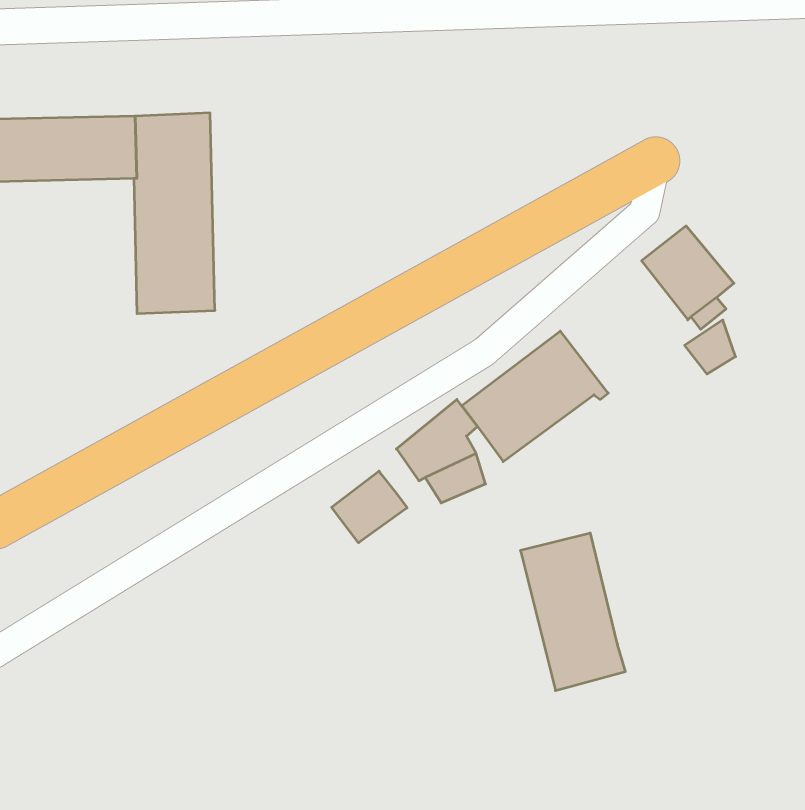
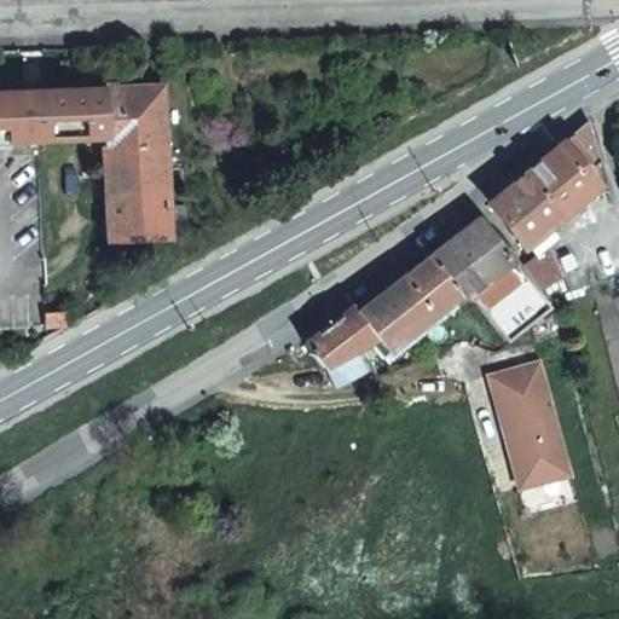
building: none -> [525,118,606,218]
building: none -> [429,218,548,341]
building: [332,471,407,543] -> none
building: [520,533,625,691] -> [490,361,569,481]

